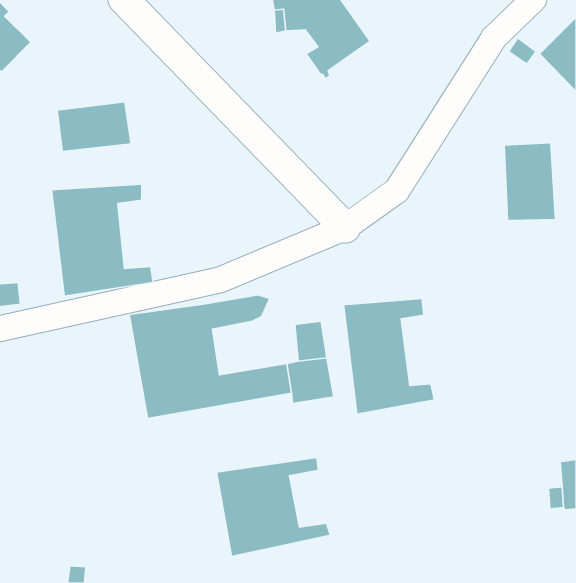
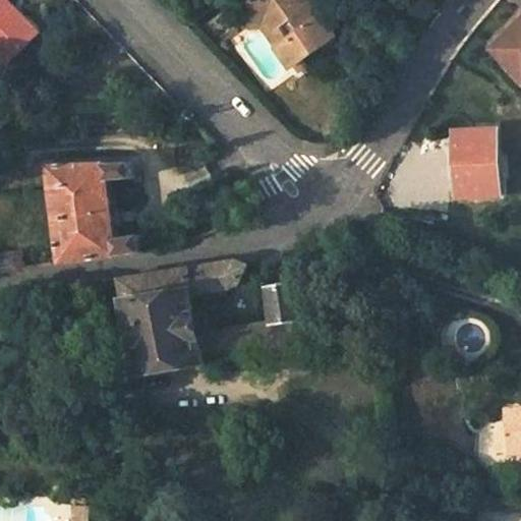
building: [57,102,131,151] -> none
building: [344,299,434,414] -> none
building: [217,457,331,557] -> none

